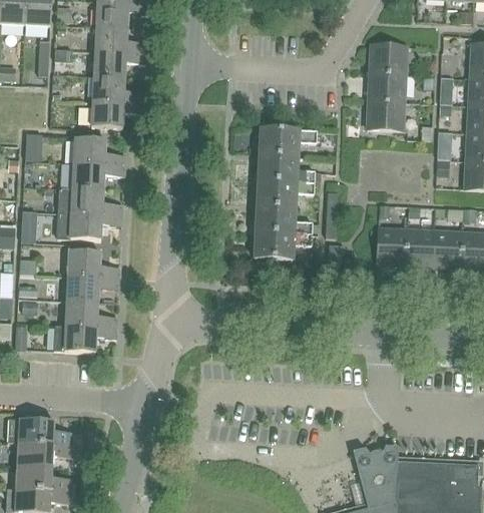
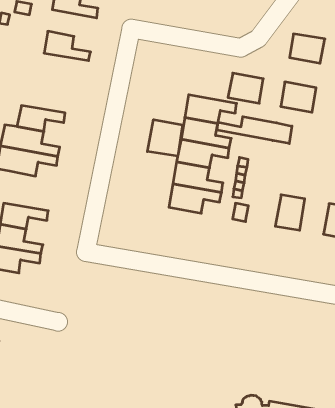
building: [93,51,146,78] -> none
building: [367,71,404,101] -> [228,73,263,103]
building: [78,101,143,128] -> none
building: [74,138,125,165] -> none
building: none -> [217,117,292,144]
building: none -> [147,120,183,156]
building: [405,227,434,265] -> none
building: [68,250,120,278] -> none

